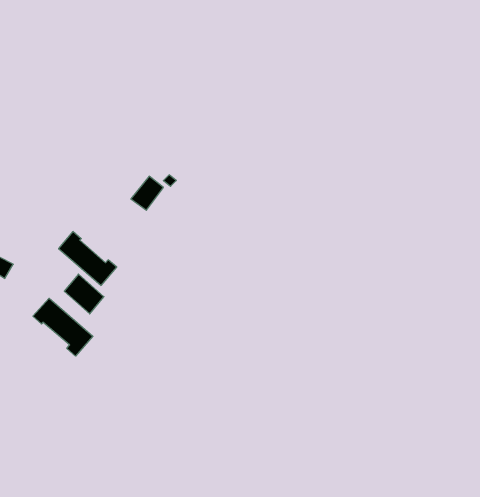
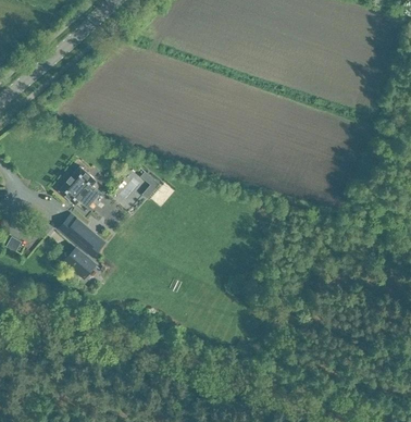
building: none -> [59,164,100,207]
building: [33,298,93,356] -> none

